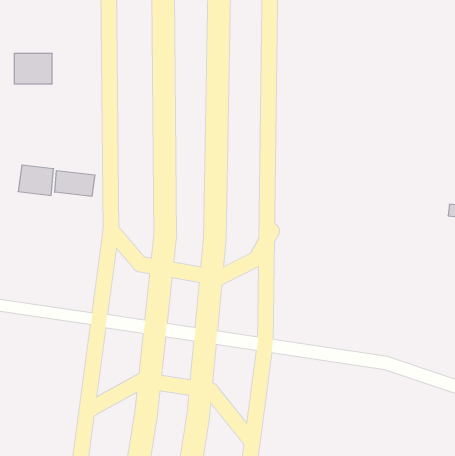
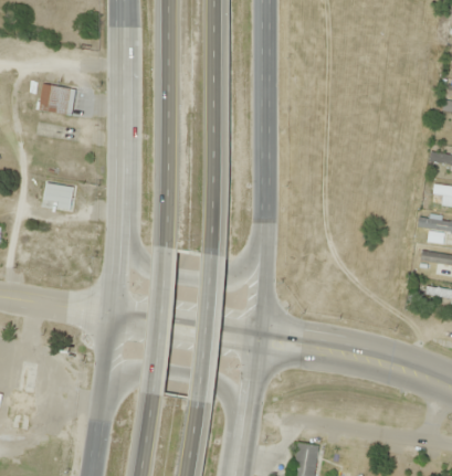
building: [55,171,95,196] -> none

